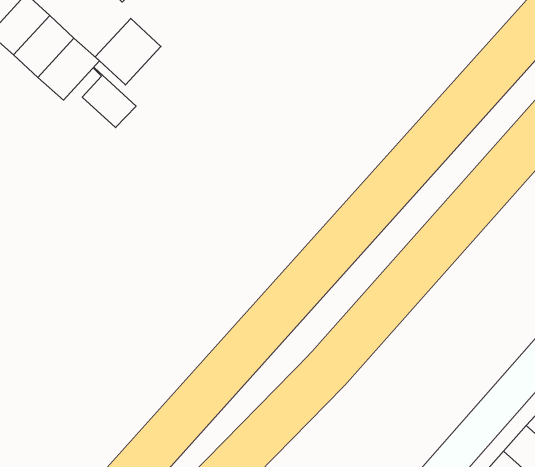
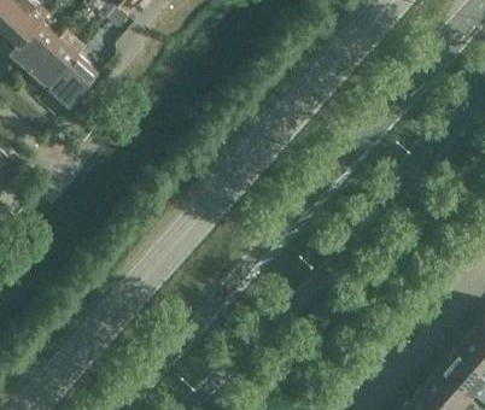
building: [95,18,161,85] -> none
building: [82,68,136,128] -> none

